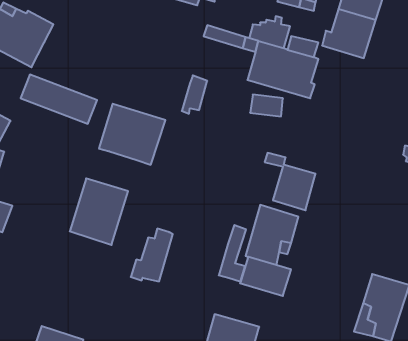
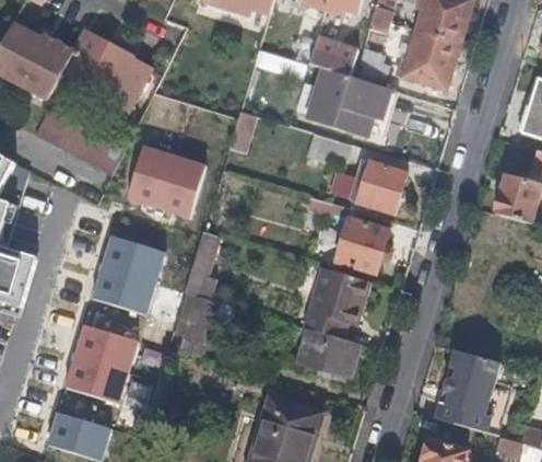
building: none -> [62,28,153,112]
building: none -> [358,162,406,212]
building: [219,225,246,282] -> [186,231,219,299]
building: none -> [67,322,138,402]

